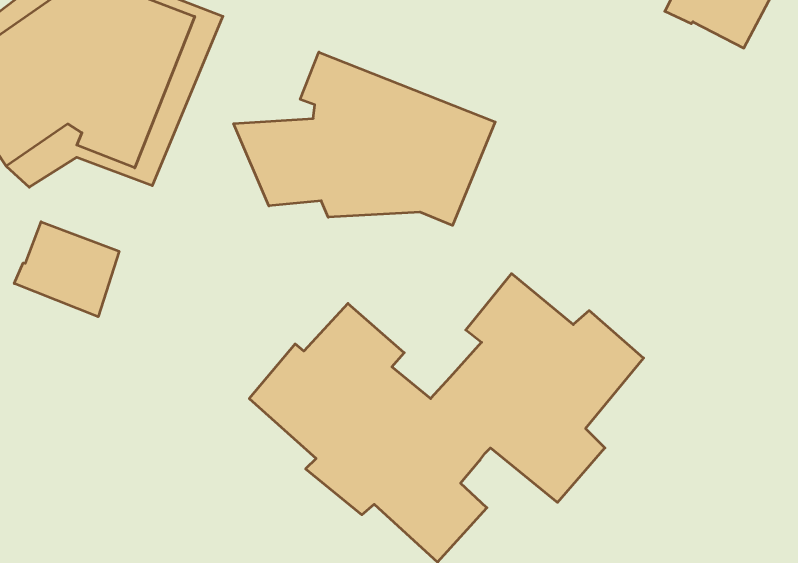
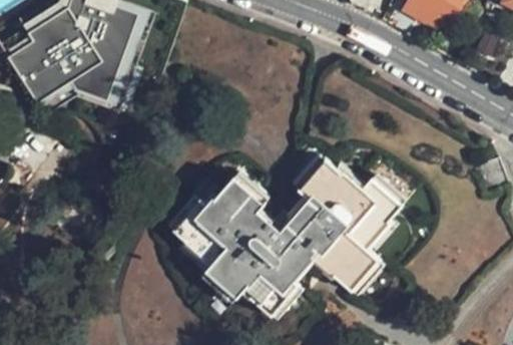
building: [234,52,495,225] -> none
building: [14,222,119,317] -> none

